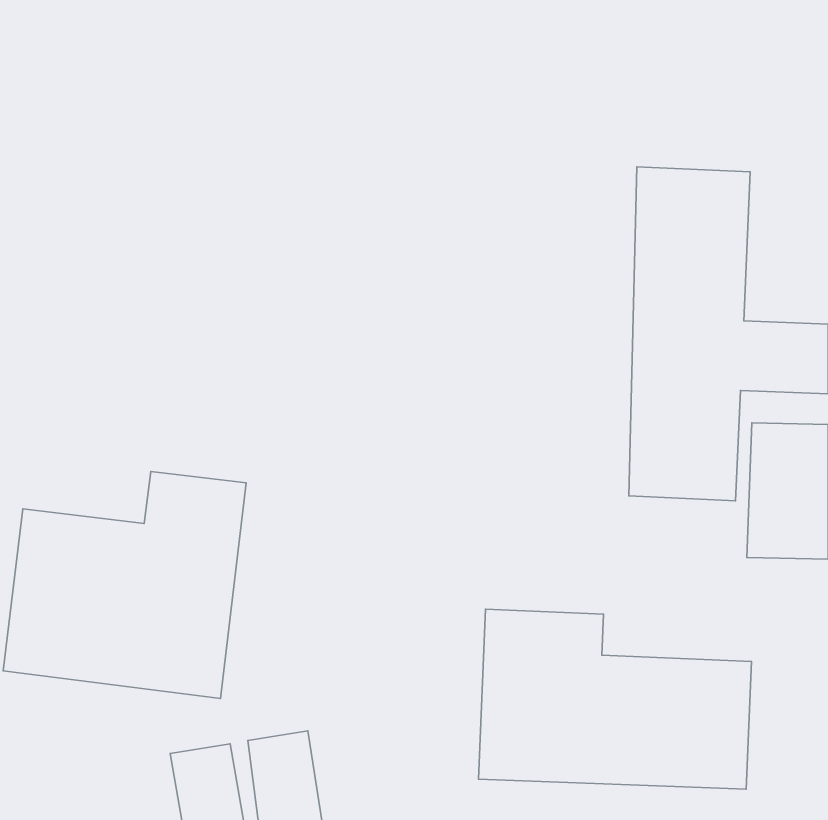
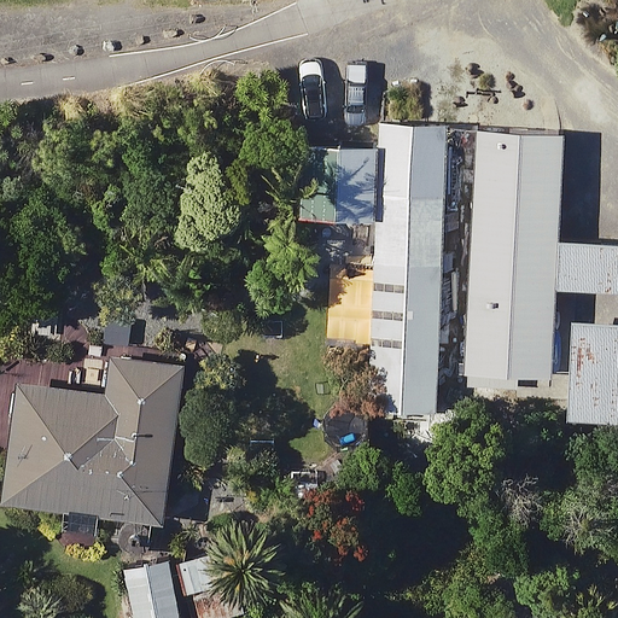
building: none -> [305,127,444,414]
building: [478,609,752,789] -> none

